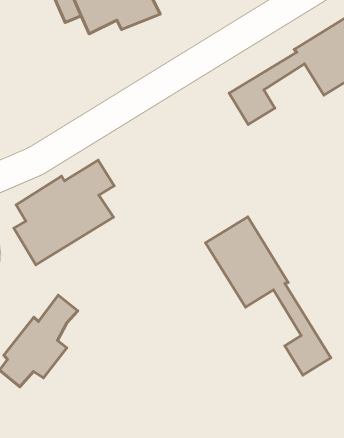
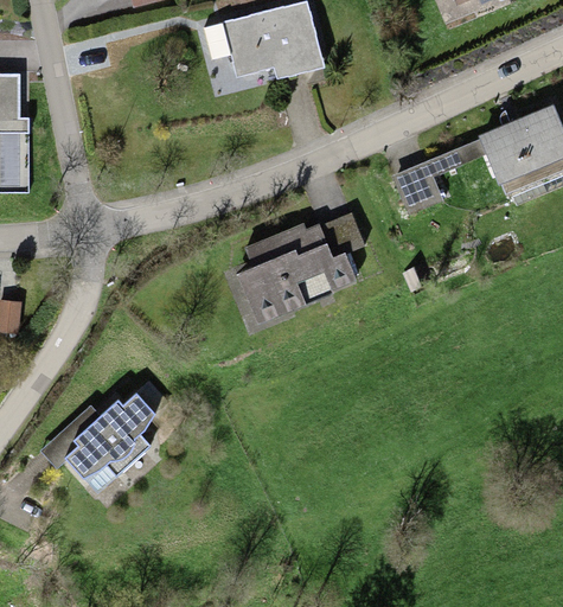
building: [14,160,114,265] -> [238,211,365,322]
building: [206,217,331,375] -> none

